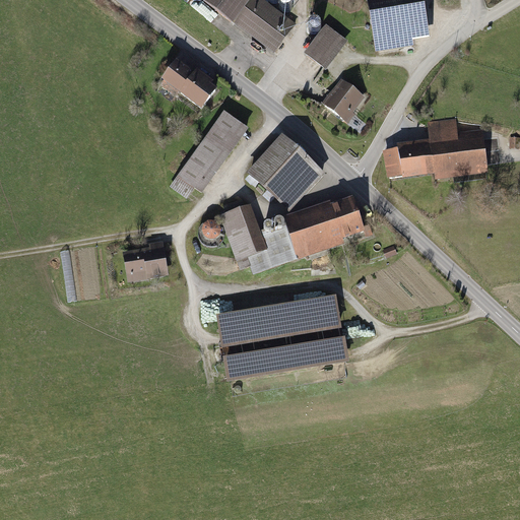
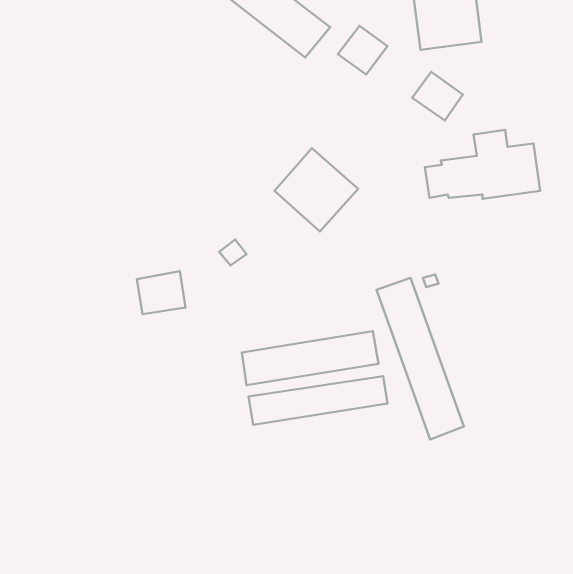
building: [157,57,217,109] -> none
building: [323,78,369,122] -> [412,72,463,121]
building: [168,108,248,197] -> none
building: [220,194,363,274] -> none
building: none -> [377,278,464,440]

